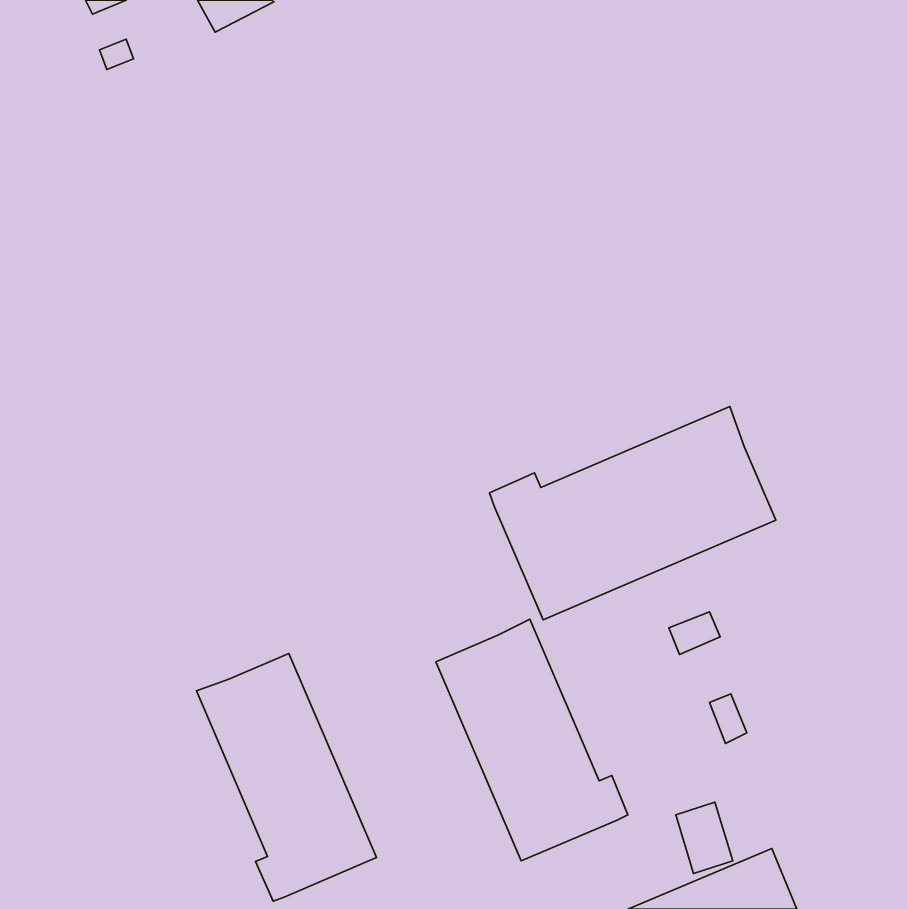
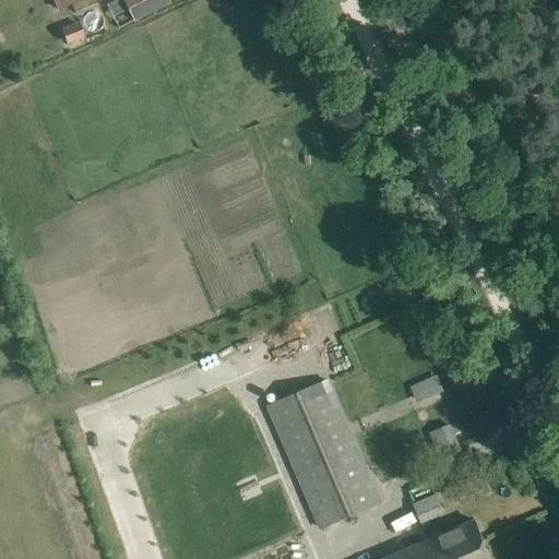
building: [489,407,776,620] -> none
building: [197,653,376,901] -> none

